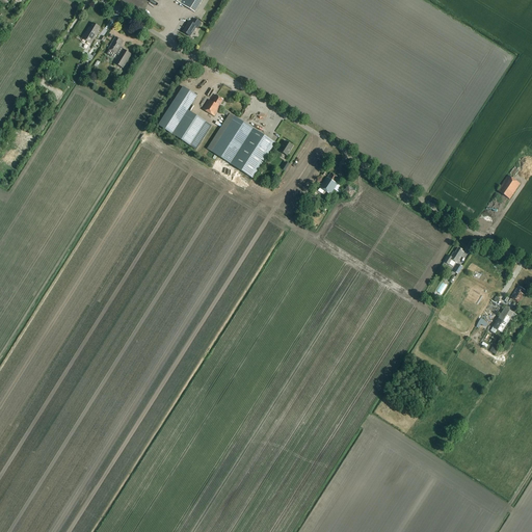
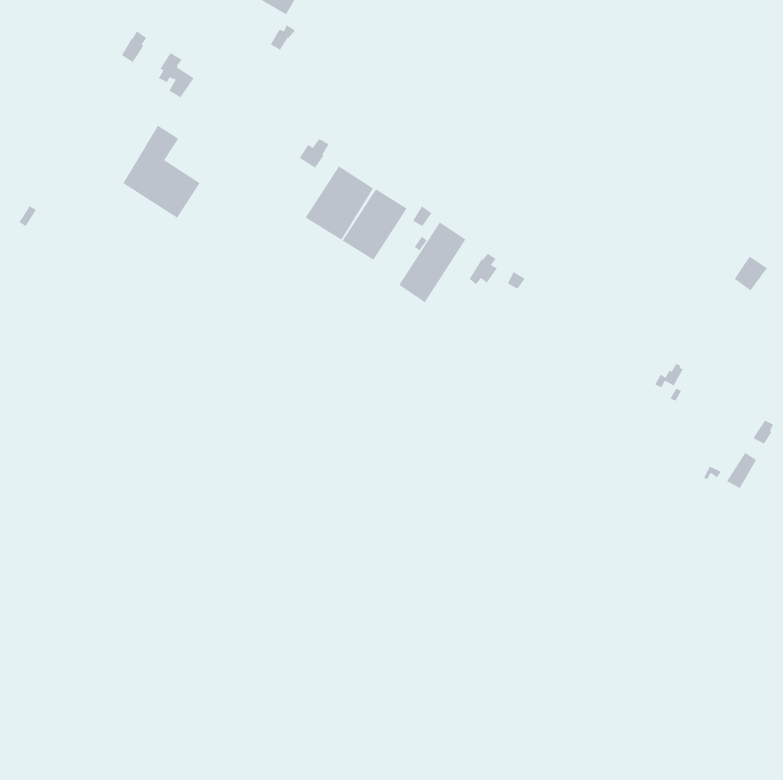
building: [159,85,212,149] -> [122,125,201,218]
building: none -> [399,221,466,303]

